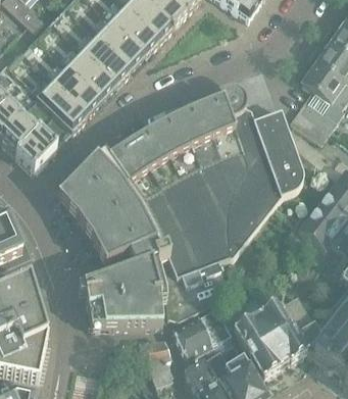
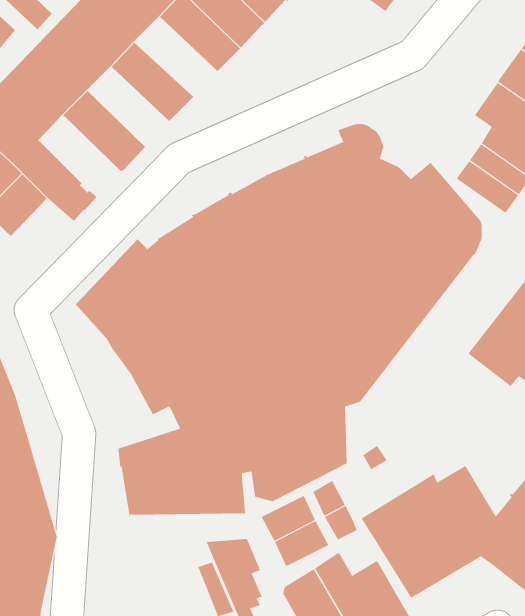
building: [93,20,144,69] -> none
building: [64,51,114,100] -> none
building: [35,81,85,131] -> none
building: [17,132,56,167] -> none

